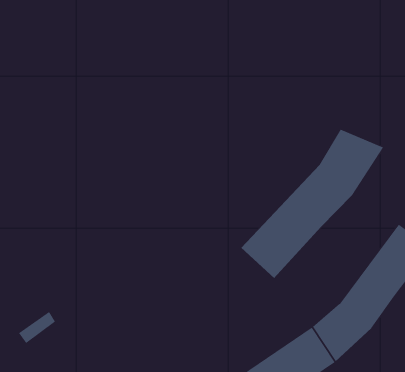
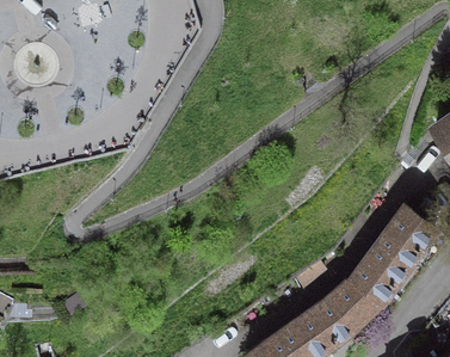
building: [241,129,384,279] -> none

